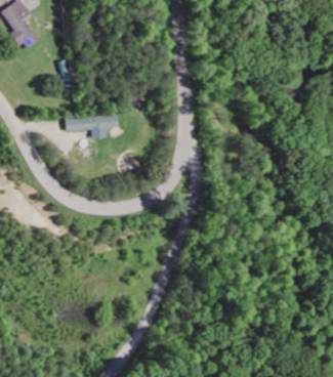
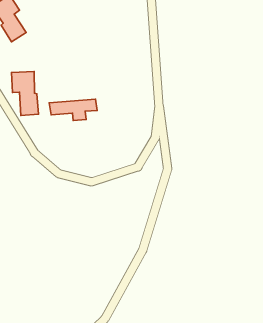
building: none -> [12,71,39,116]

